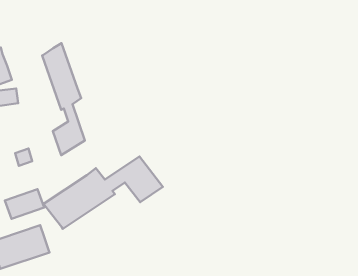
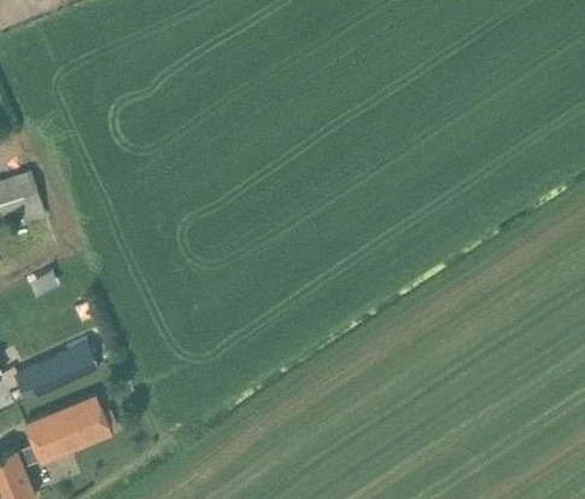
building: [42,43,85,155] -> none
building: [44,157,163,229] -> none

